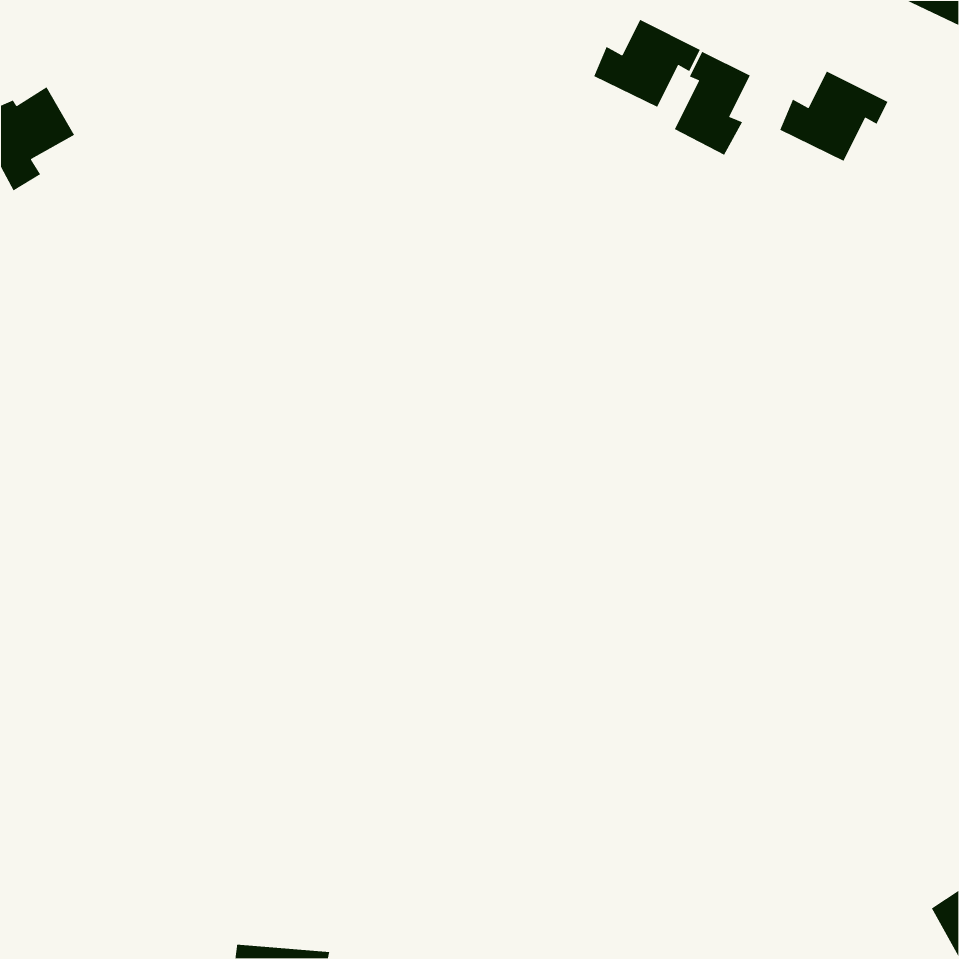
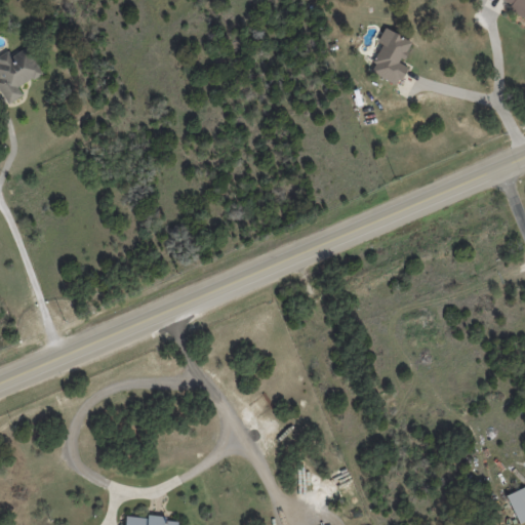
building: [593,19,701,108] -> none
building: [779,71,888,162] -> none

